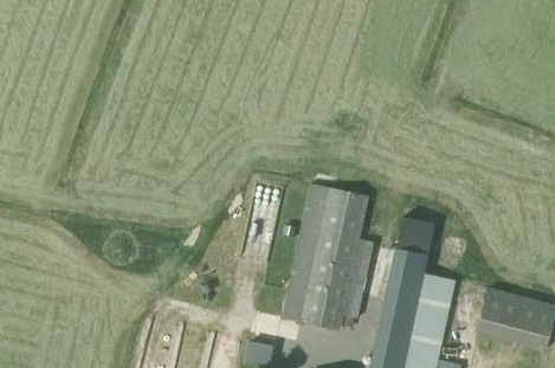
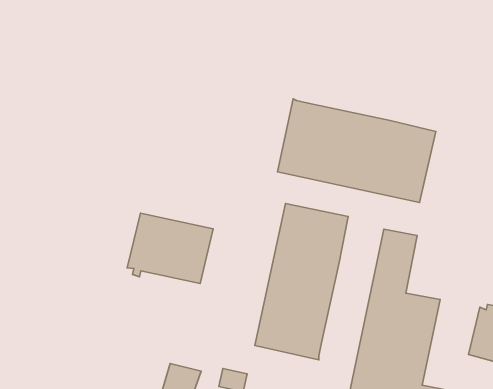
building: none -> [278,99,436,202]
building: none -> [127,213,213,284]

